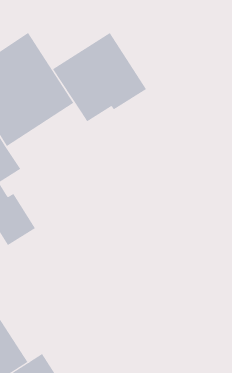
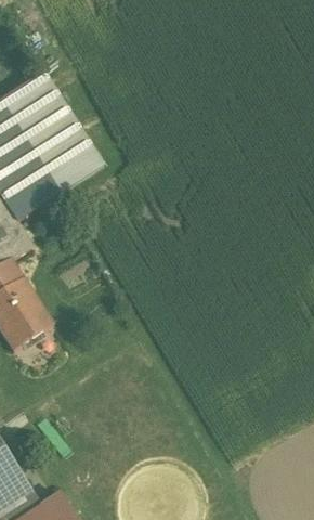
building: [52,32,147,122] -> none

